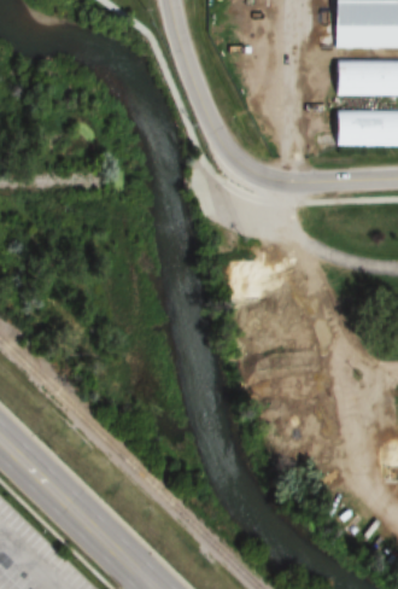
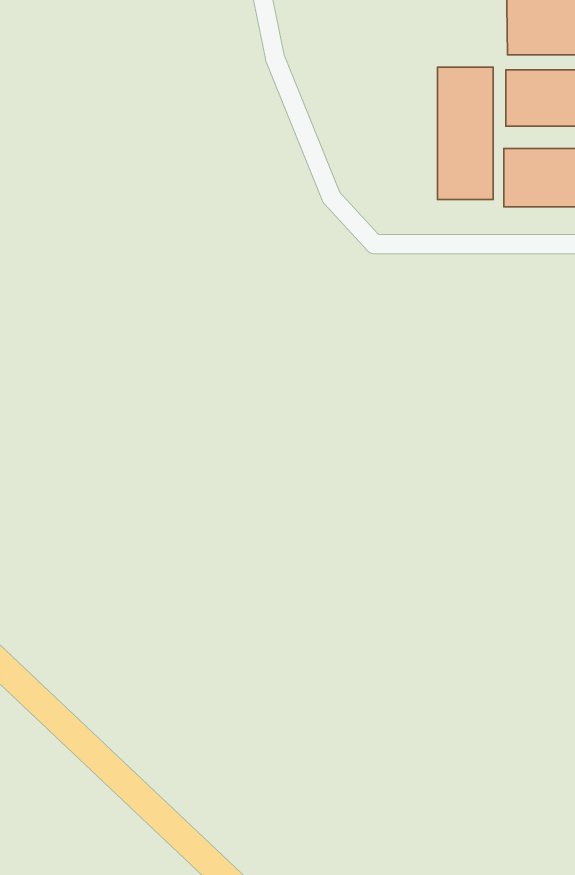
building: none -> [438,67,493,199]

